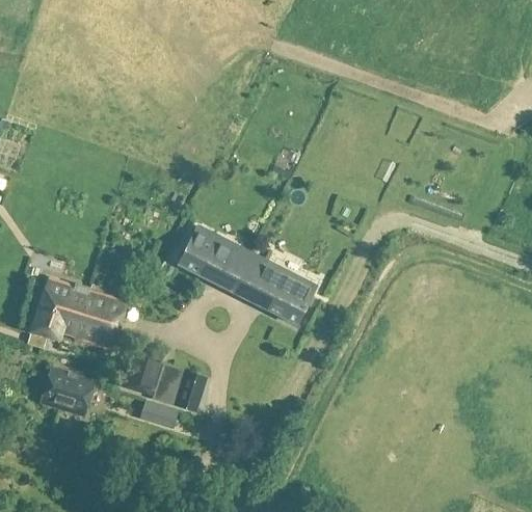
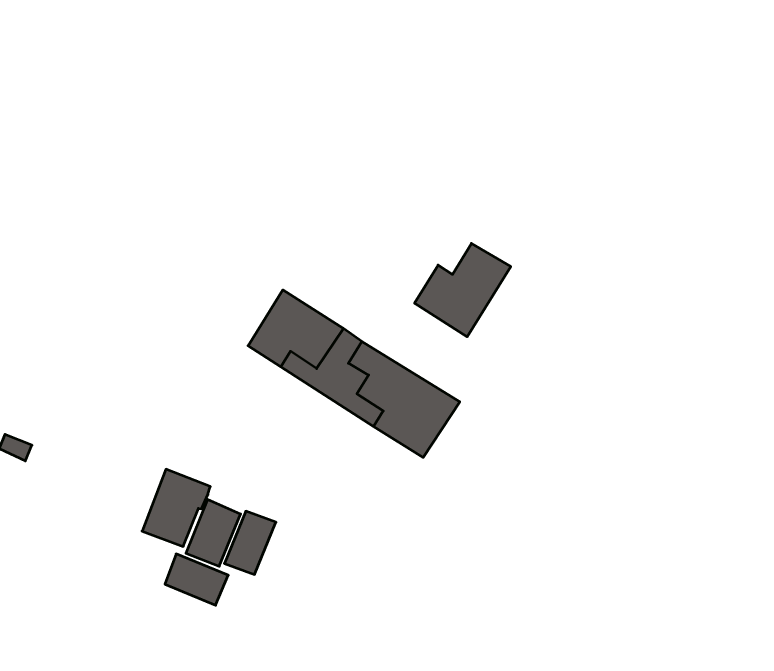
building: none -> [415,243,511,337]
building: [32,277,126,352] -> none
building: [39,367,96,415] -> none

